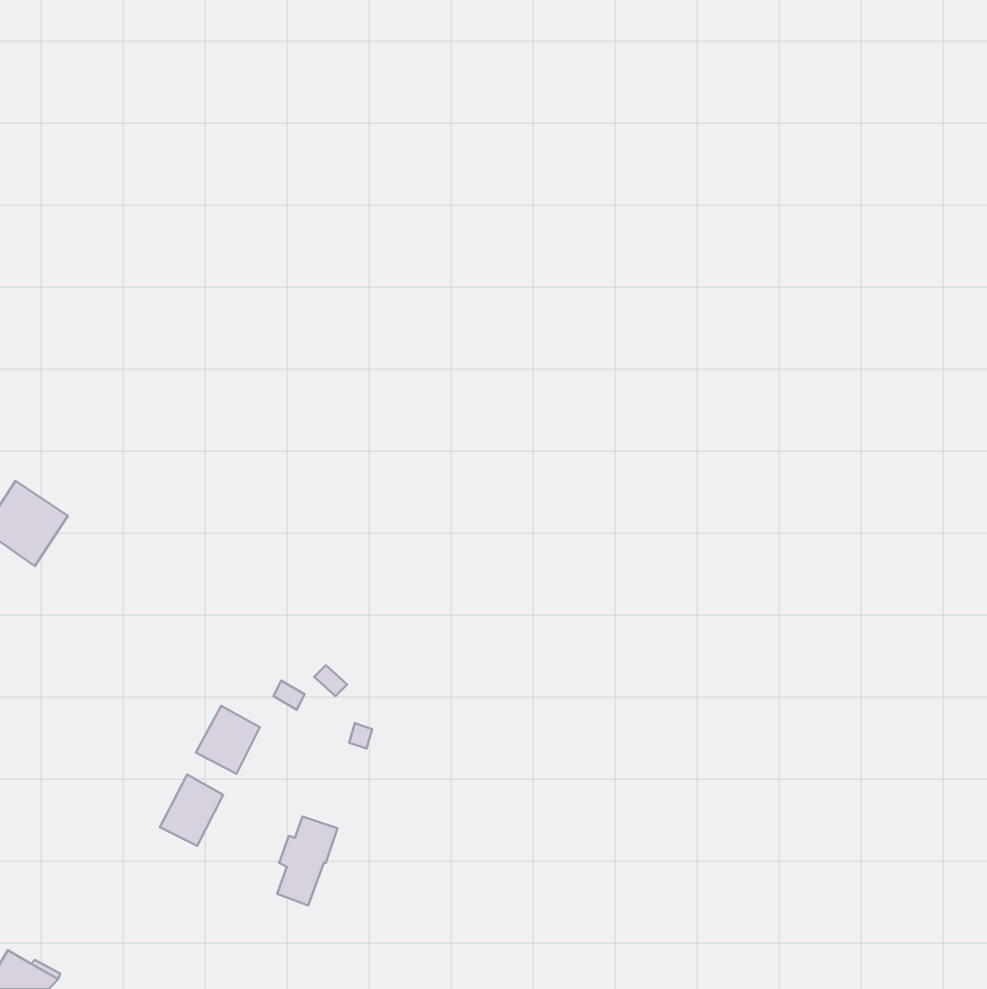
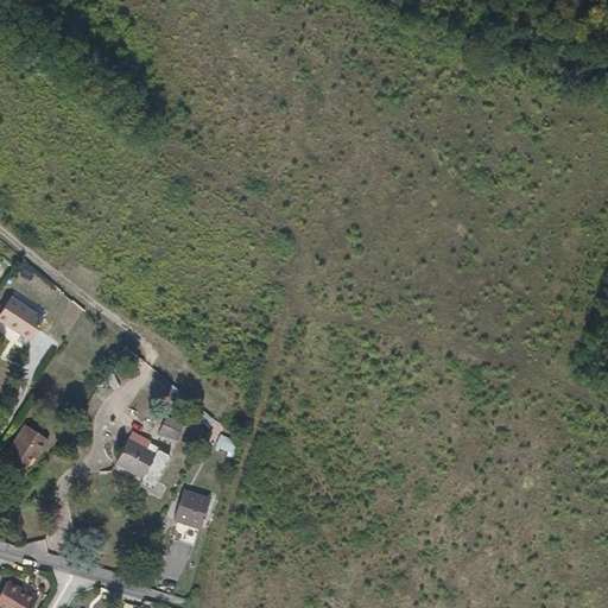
building: none -> [6,422,49,463]
building: [160,774,223,846] -> none

